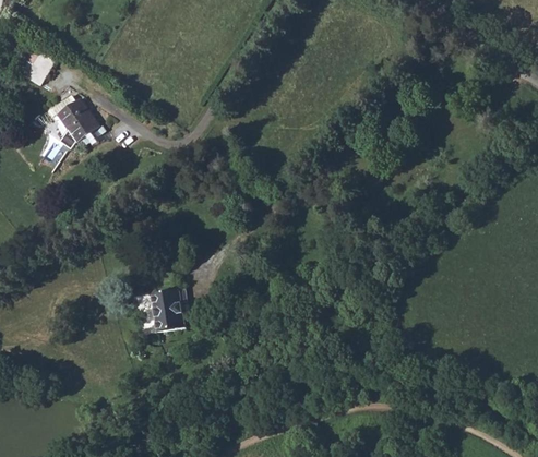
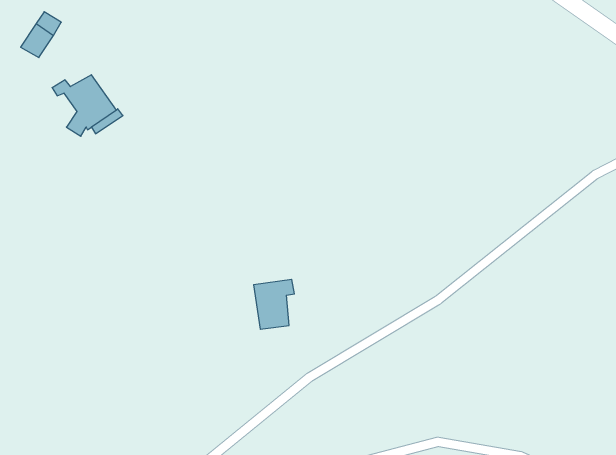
building: [154,290,188,332] -> [254,279,294,329]

